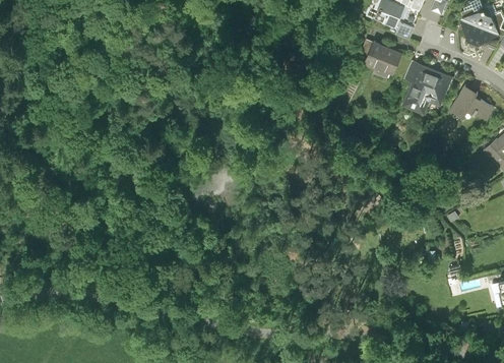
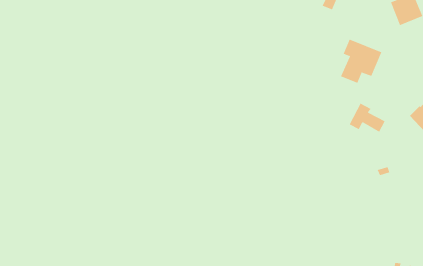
building: [363,42,401,74] -> none
building: [451,85,494,120] -> [349,103,385,132]

